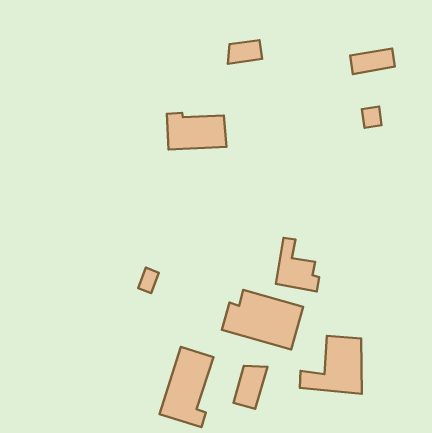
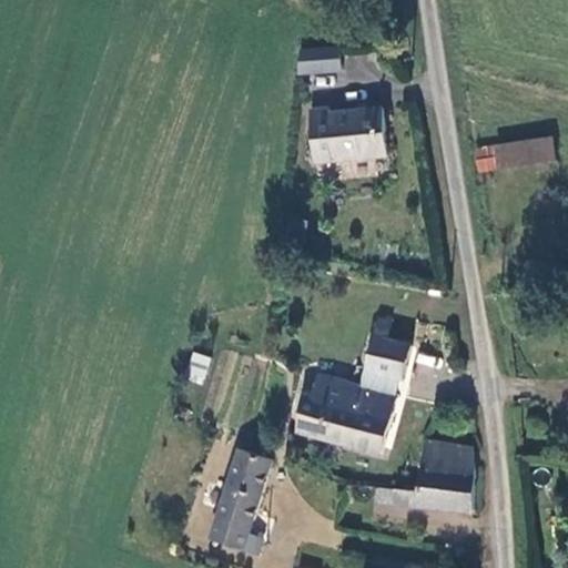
building: [350,49,395,74] -> [493,130,550,163]
building: [167,113,226,150] -> [314,118,392,165]
building: [233,366,268,409] -> none

